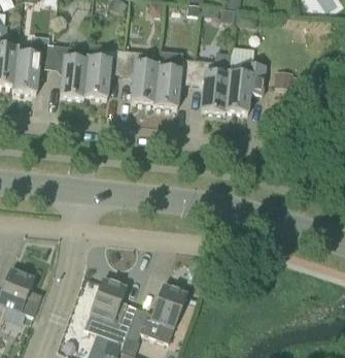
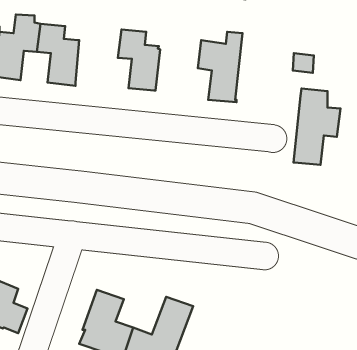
building: [84,46,125,99] -> none
building: [225,46,266,113] -> [293,89,340,165]
building: [153,51,195,108] -> none

